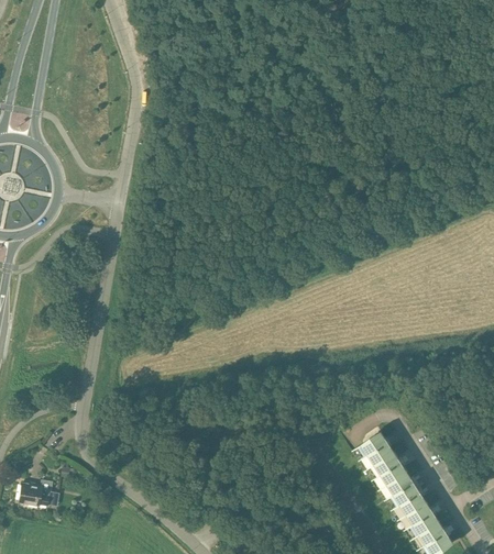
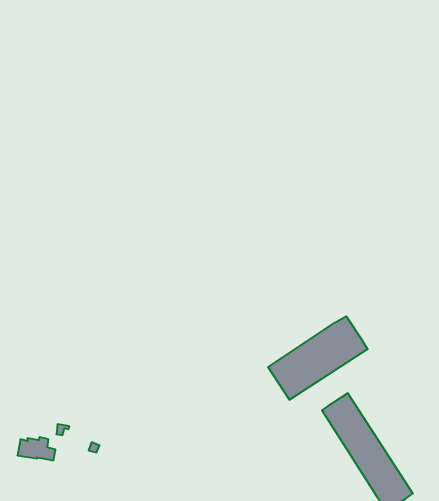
building: none -> [268,316,368,400]

